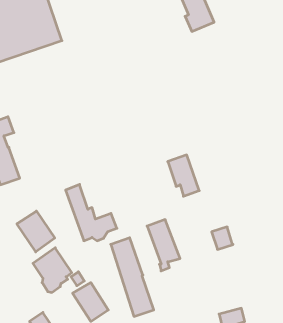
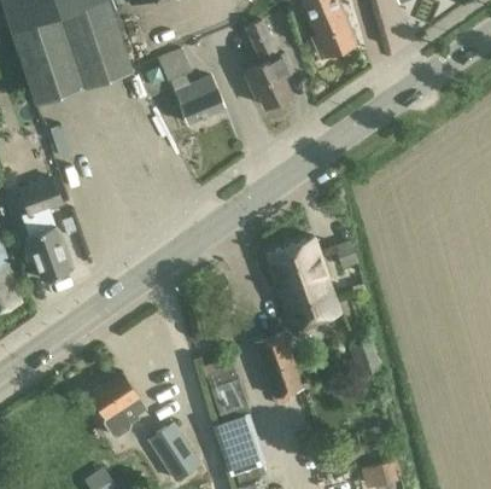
building: none -> [245,21,293,107]
building: none -> [158,50,226,124]
building: [66,184,117,241] -> [267,246,341,328]
building: [17,211,55,252] -> none

